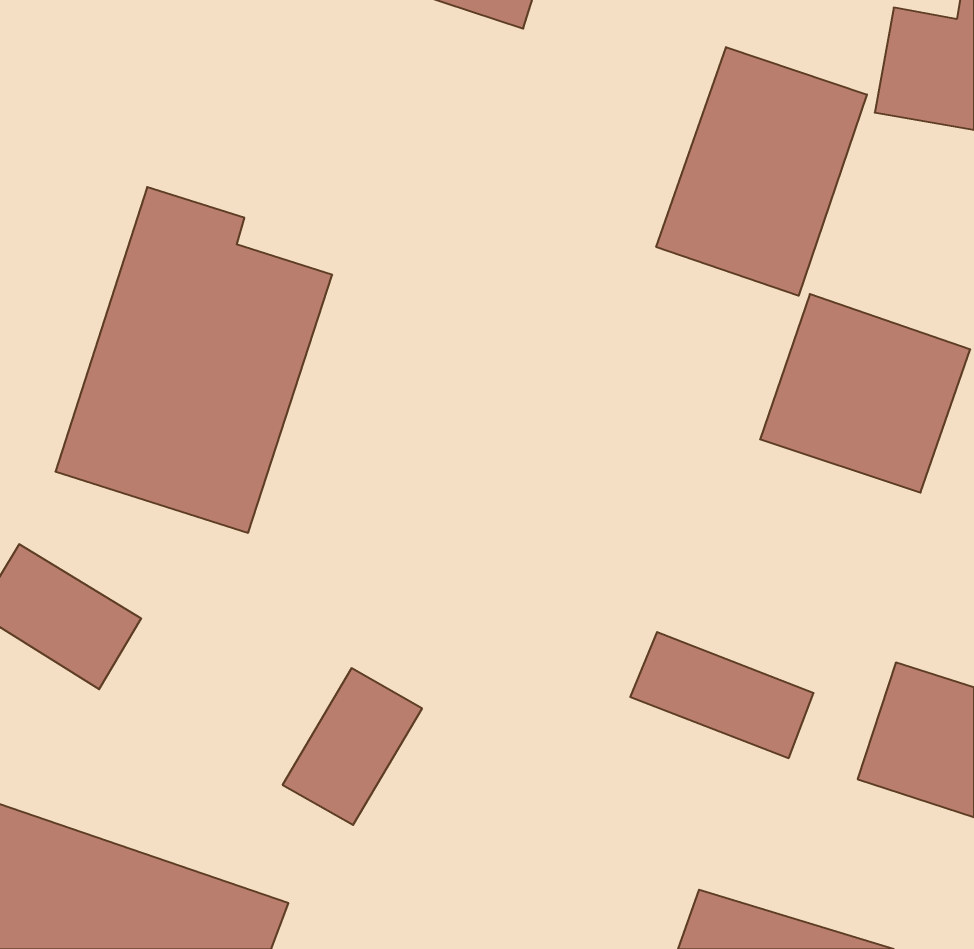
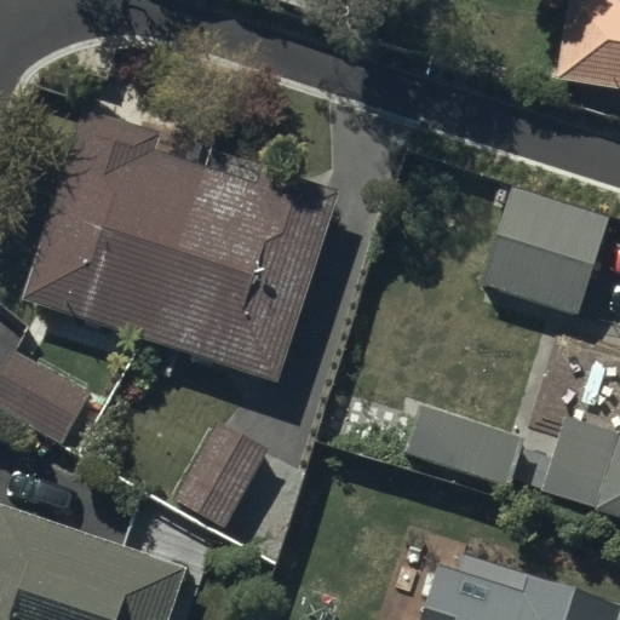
building: [656,47,867,296] -> none
building: none -> [157,173,335,377]

